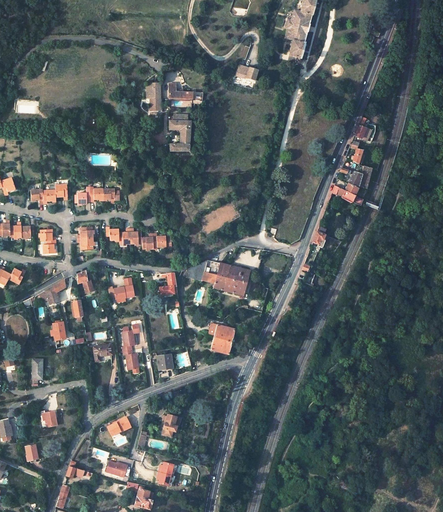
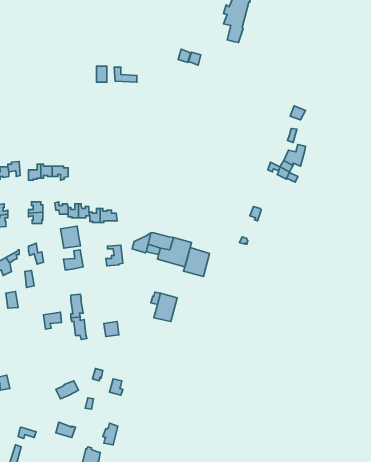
building: [169,121,191,151] -> none
building: none -> [61,226,81,248]
building: none -> [184,248,209,276]

